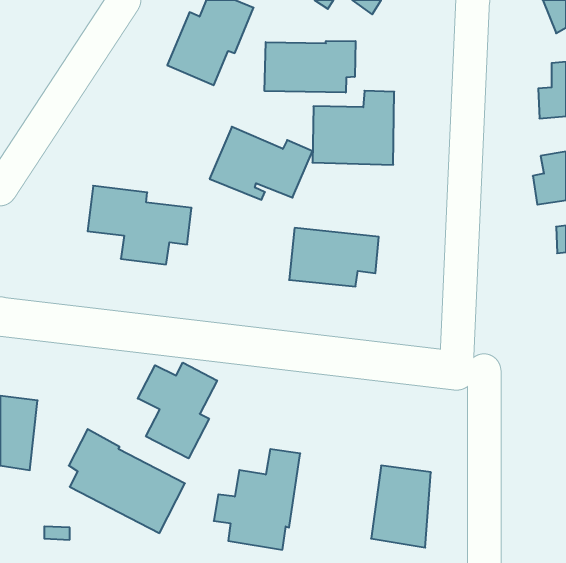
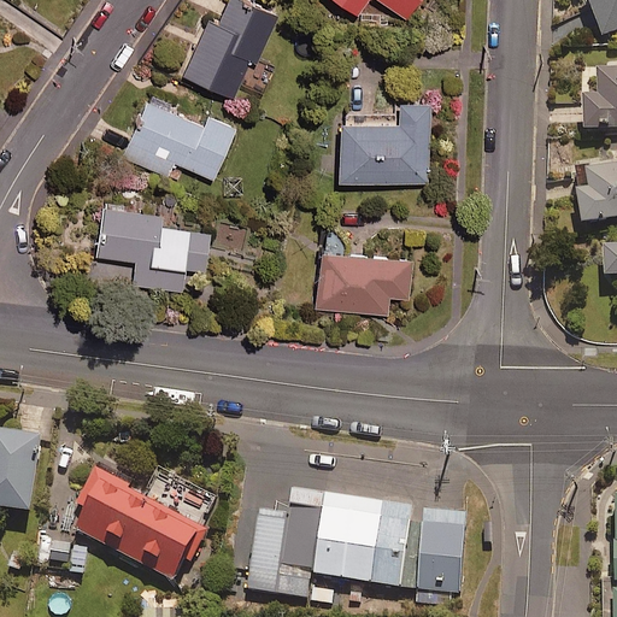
building: [265,41,355,93] -> none
building: [210,127,313,200] -> [122,100,234,180]
building: [138,363,217,458] -> none
building: none -> [315,496,415,589]

